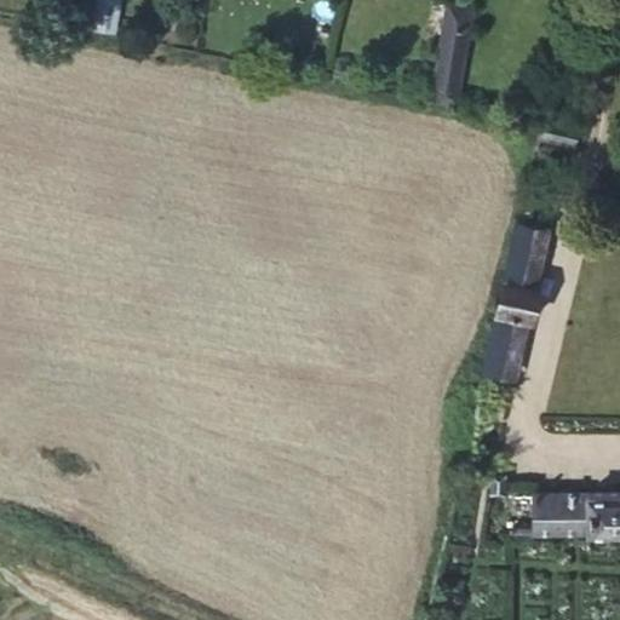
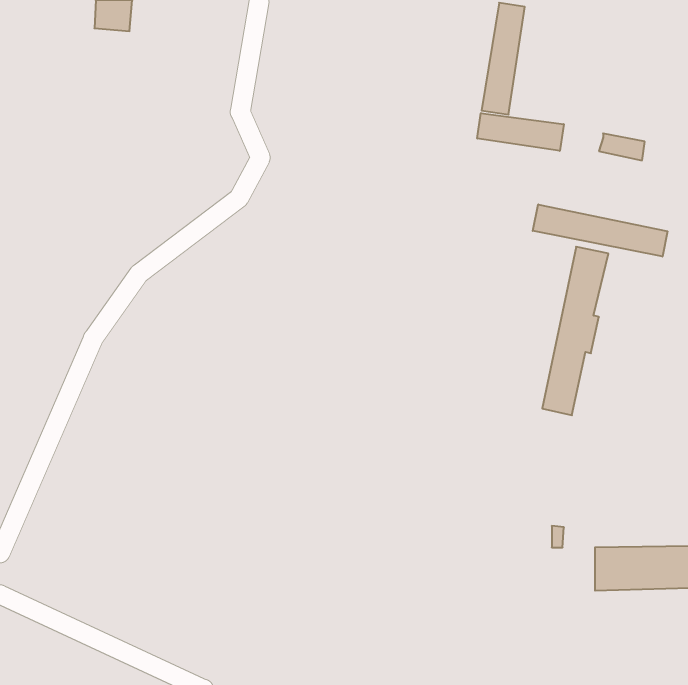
building: none -> [477,113,564,151]
building: none -> [533,204,667,257]

